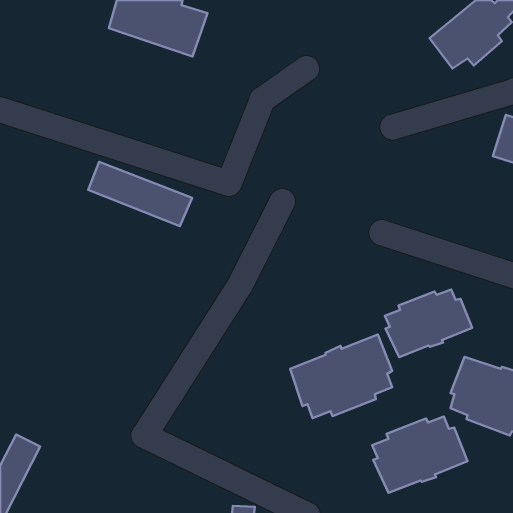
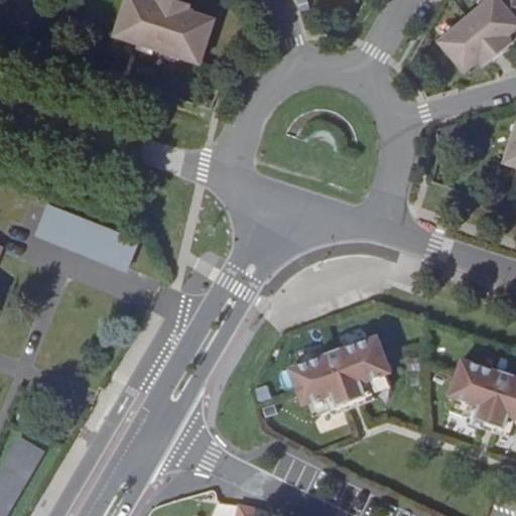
building: [88,162,192,226] -> [36,204,140,268]
building: [385,289,472,357] -> none
building: [372,417,468,493] -> none

